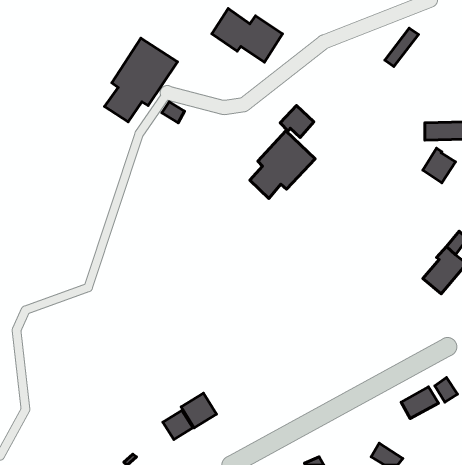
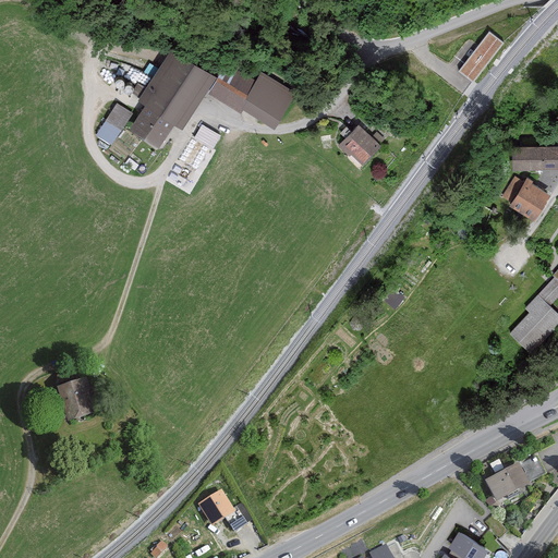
building: [212,8,283,62] -> [209,62,294,126]
building: none -> [98,104,133,143]
building: [250,131,315,198] -> none
building: none -> [56,378,98,423]
building: [181,393,217,428] -> none

